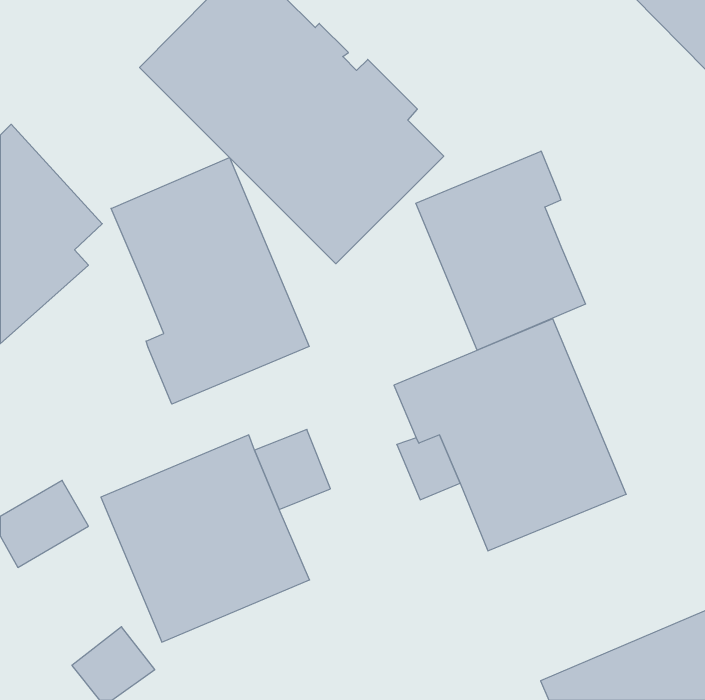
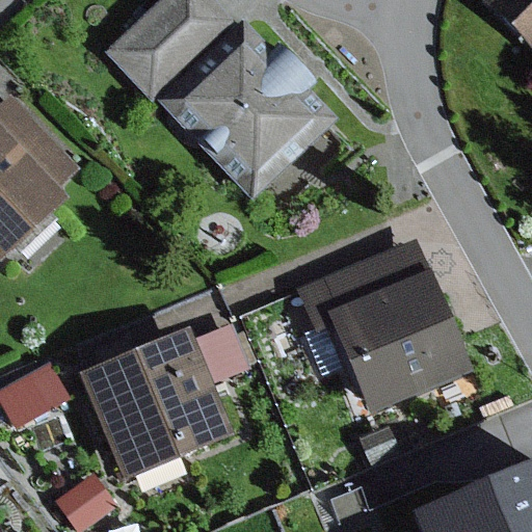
building: [416,151,585,350] -> none
building: [111,158,309,404] -> none

